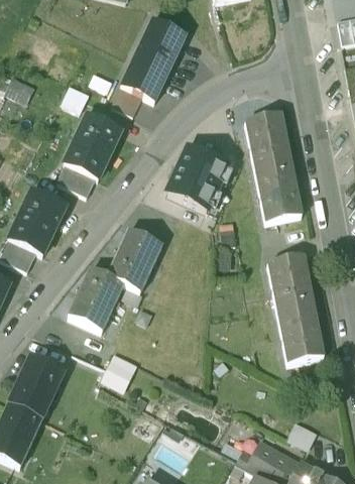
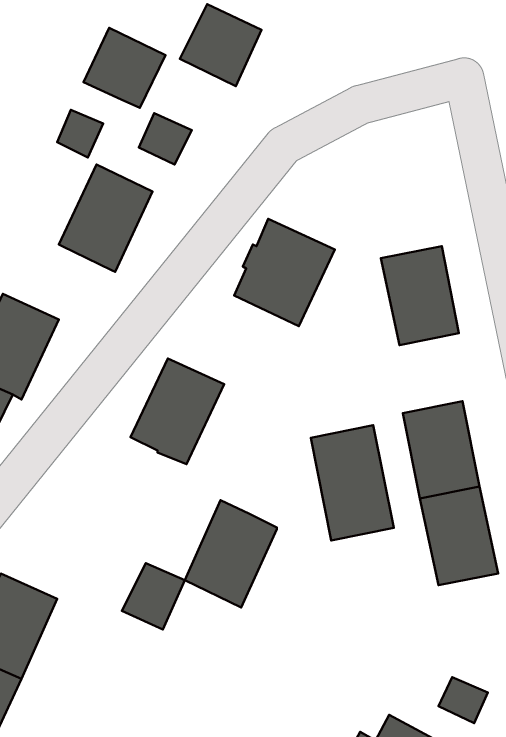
building: [121,51,169,99] -> [84,28,165,108]
building: [245,111,291,169] -> none
building: [57,162,96,195] -> none
building: [69,267,123,331] -> [185,500,277,607]
building: none -> [311,425,394,540]

